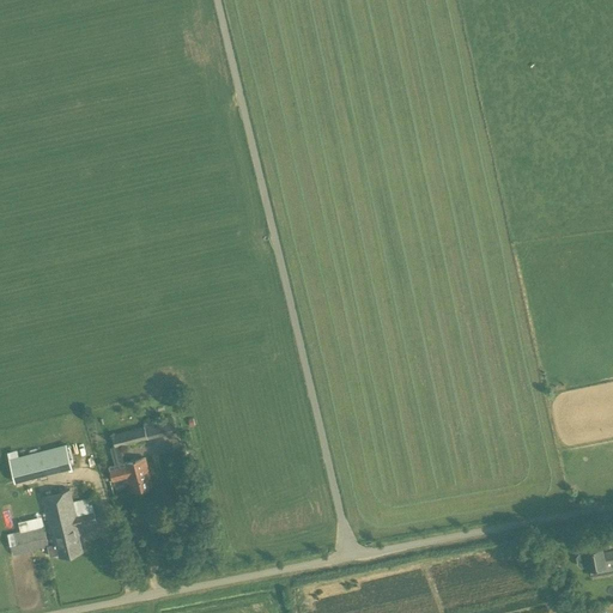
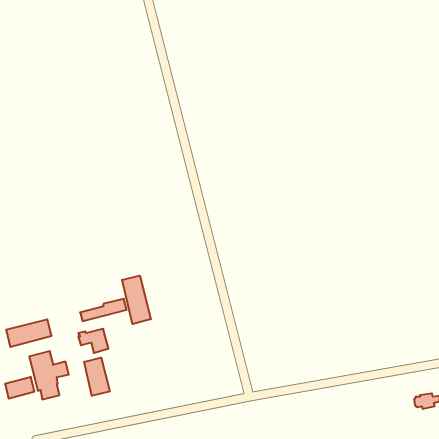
building: none -> [122,276,151,324]
building: none -> [84,358,110,396]

